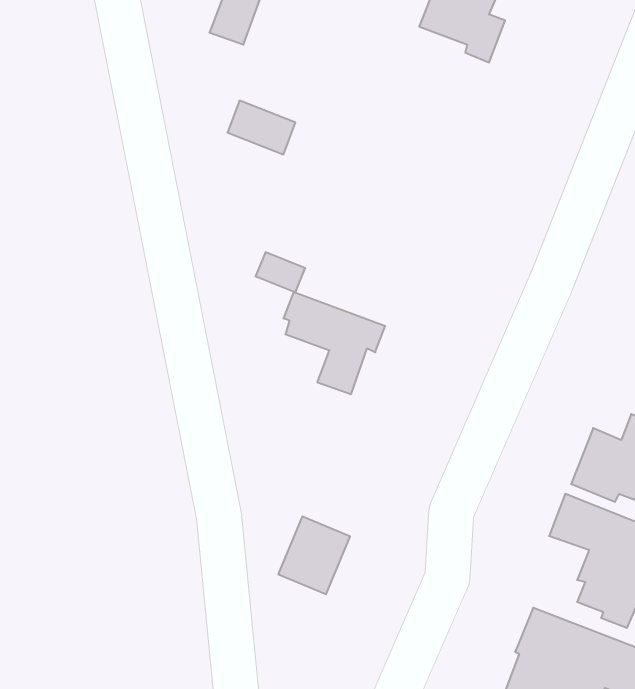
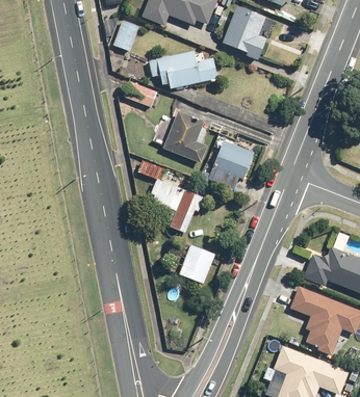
building: none -> [149,51,218,88]
building: none -> [162,109,208,163]
building: none -> [206,139,256,190]
building: [278,516,350,594] -> [178,243,215,284]

